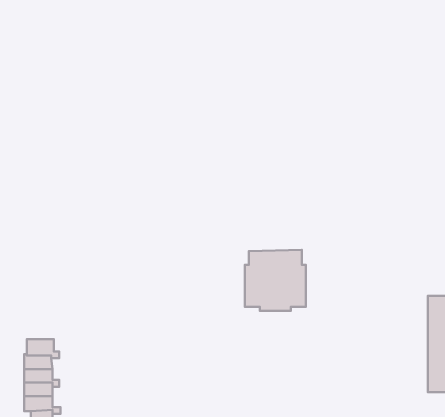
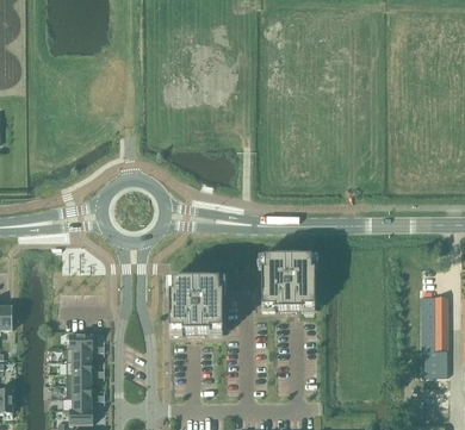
building: none -> [168,281,222,334]

